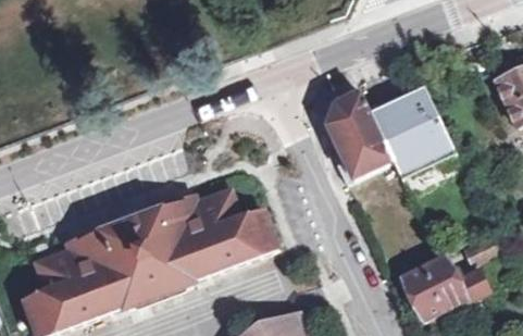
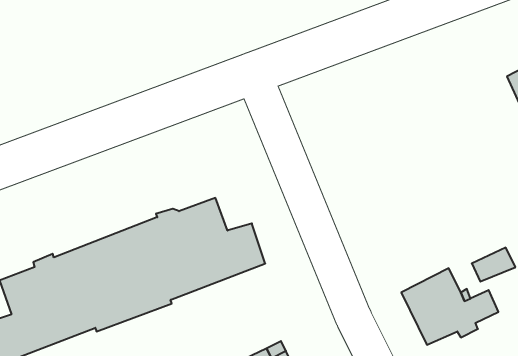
building: [327,87,452,179] -> none

